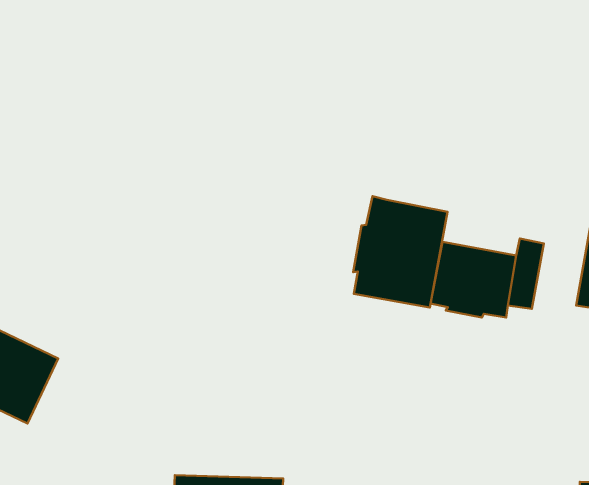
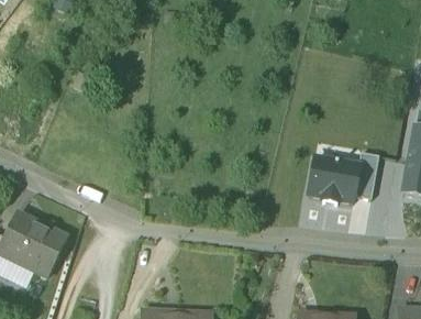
building: [353,196,448,307] -> none

